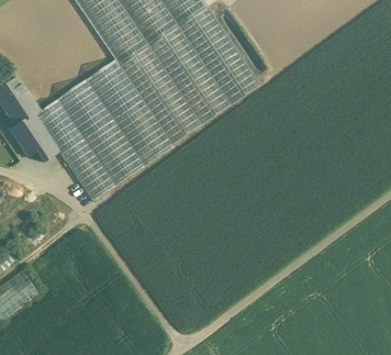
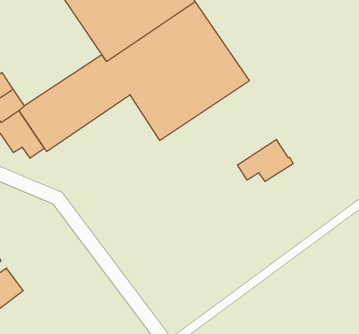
building: [60,98,175,200] -> none
building: none -> [237,139,293,181]

